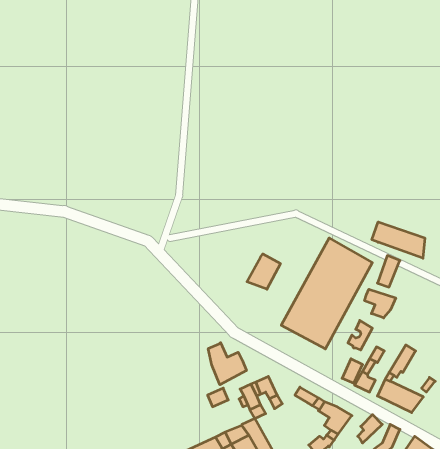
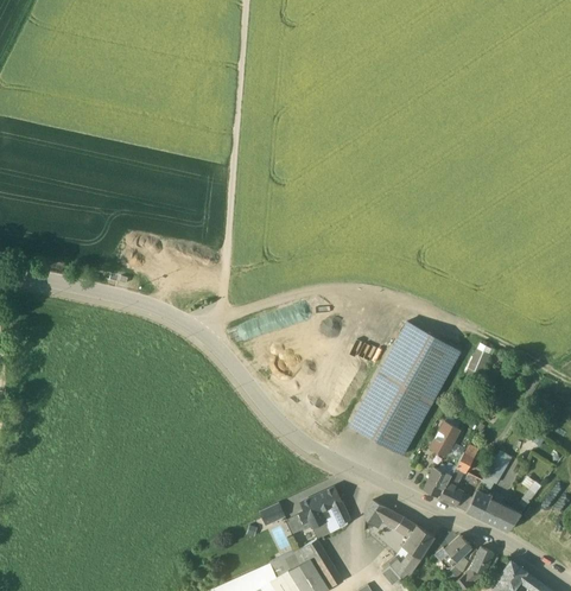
building: [372,222,425,258] -> none
building: [247,254,280,289] -> none
building: [365,289,396,318] -> none
building: [208,343,246,385] -> none

